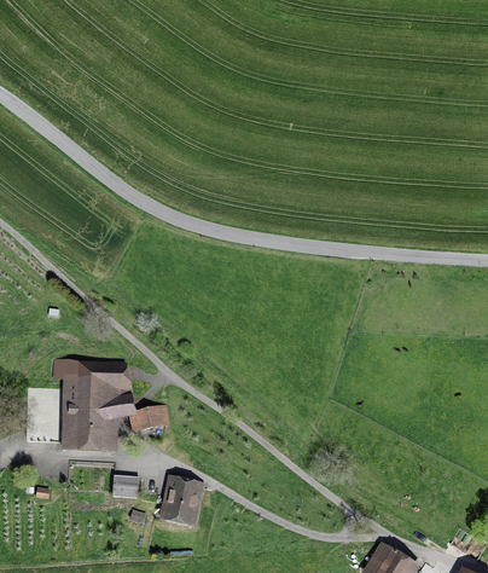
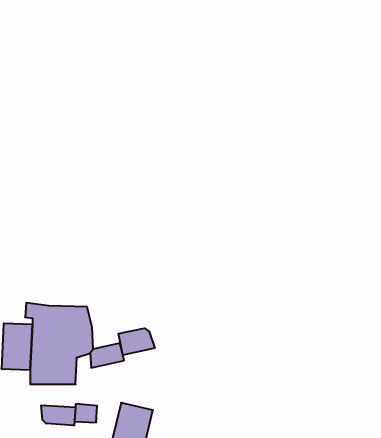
building: none -> [118,328,155,355]
building: none -> [41,405,75,426]

